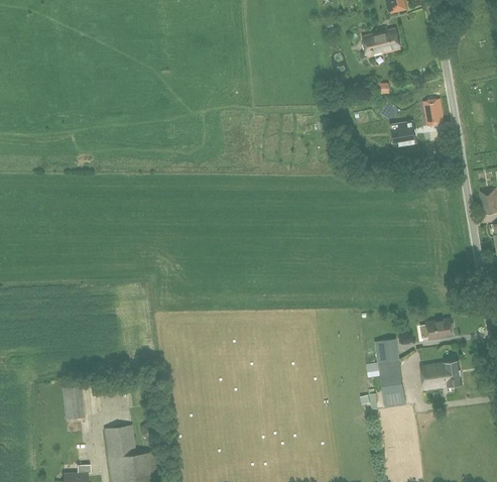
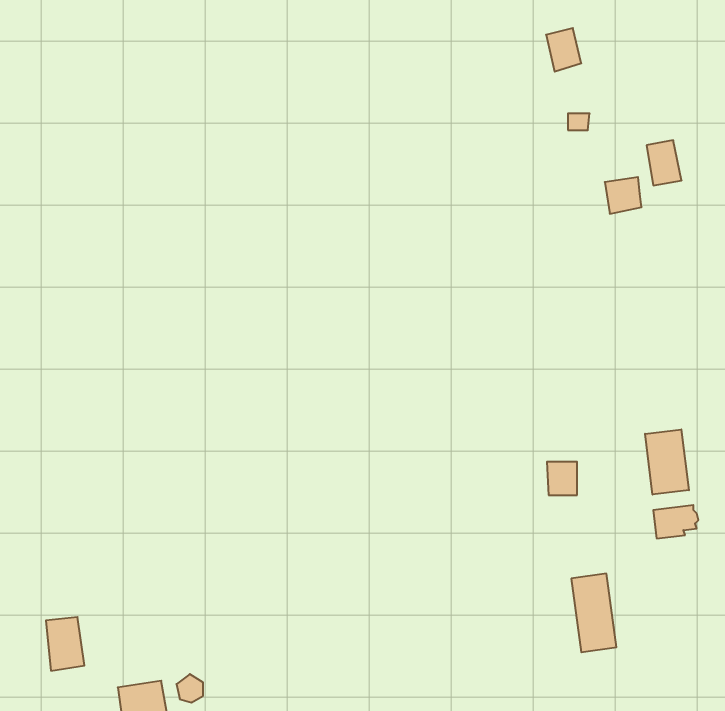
building: [378,27,400,52] -> none
building: none -> [645,429,689,495]
building: [382,339,400,359] -> [547,462,577,495]
building: [419,360,462,389] -> none

